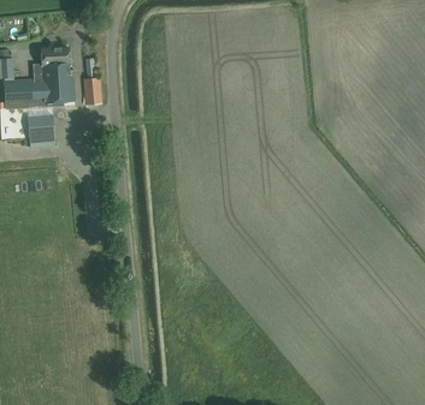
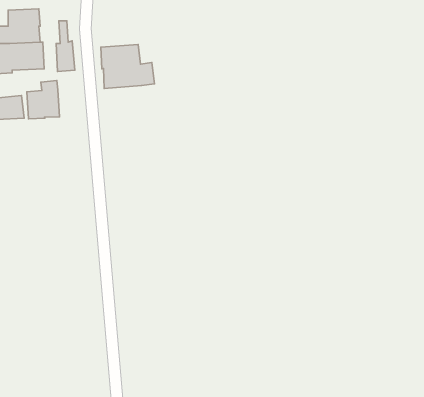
building: none -> [101,44,154,88]
building: none -> [27,81,60,119]

